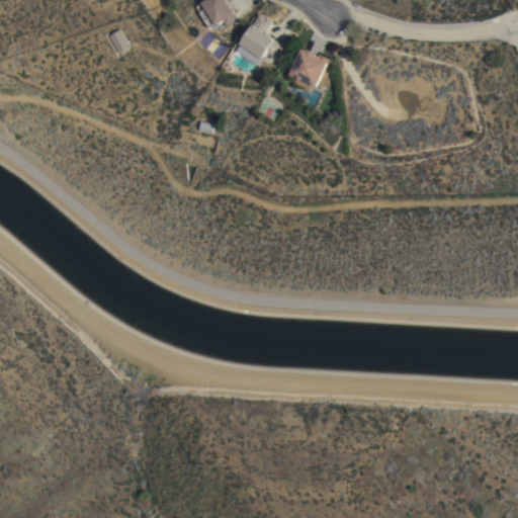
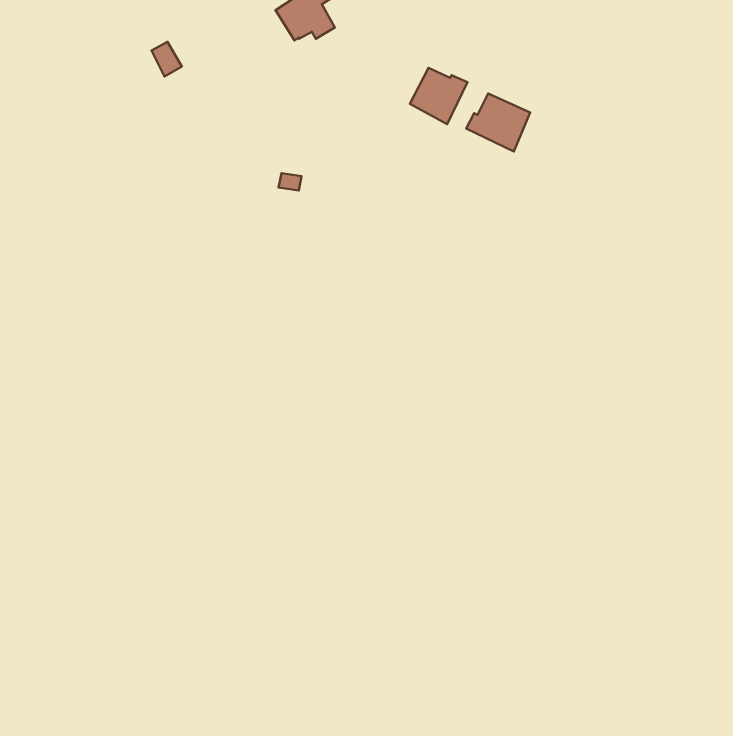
building: [233,13,278,66] -> none
building: none -> [466,94,530,152]

